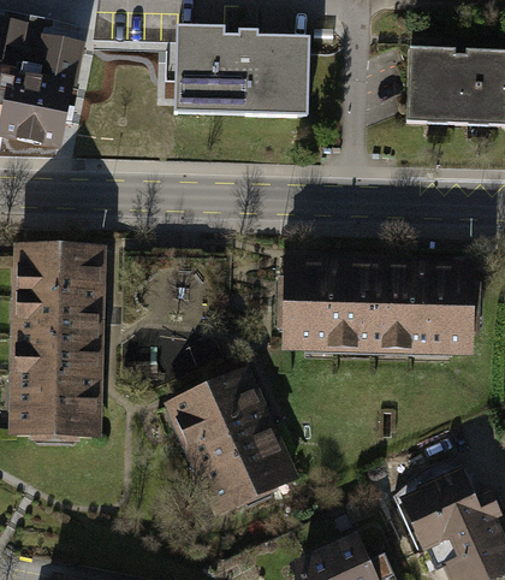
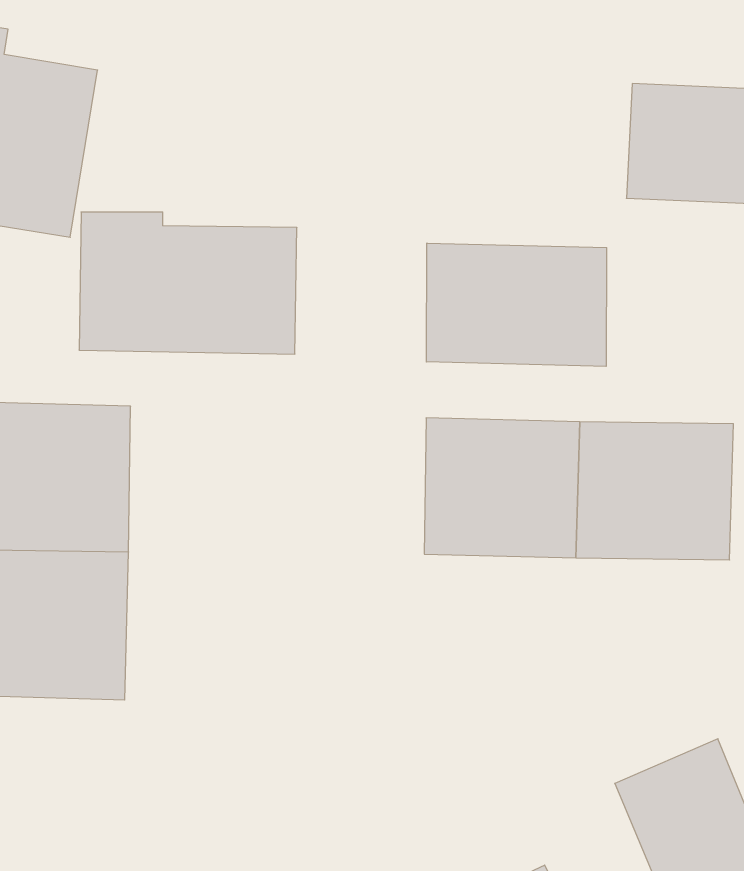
building: [168,29,303,117] -> [79,212,297,354]
building: none -> [426,243,607,366]
building: [164,368,296,514] -> none

